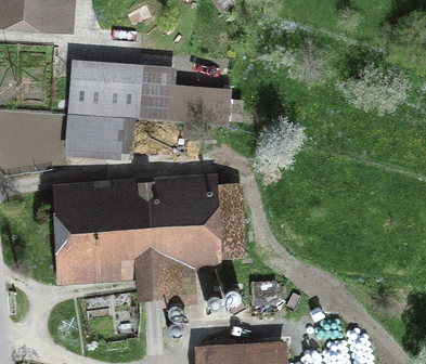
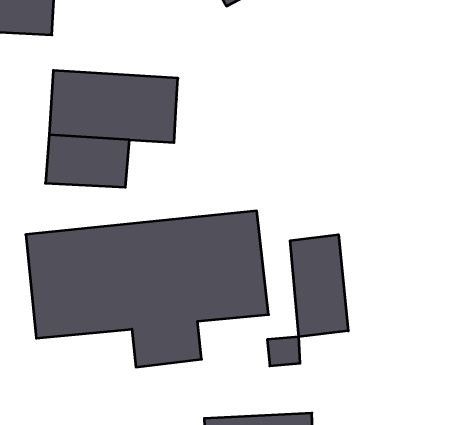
building: [171,83,234,122] -> none
building: none -> [290,235,348,337]

